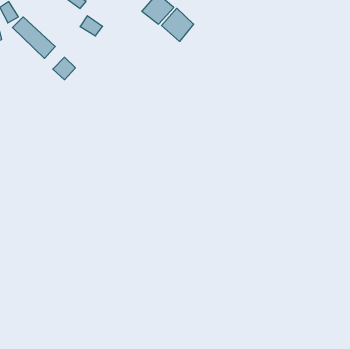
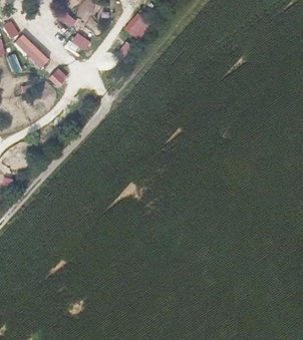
building: [162,8,194,41] -> none

